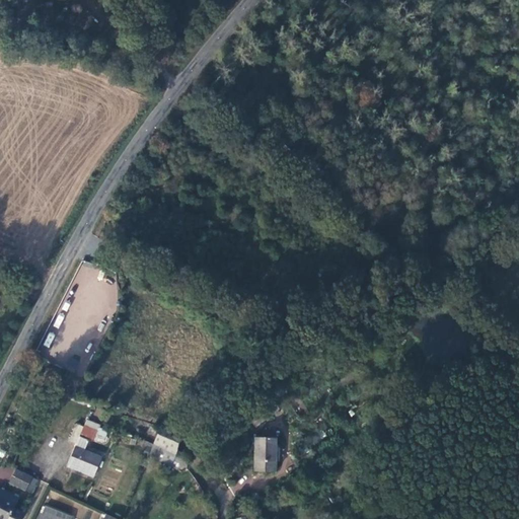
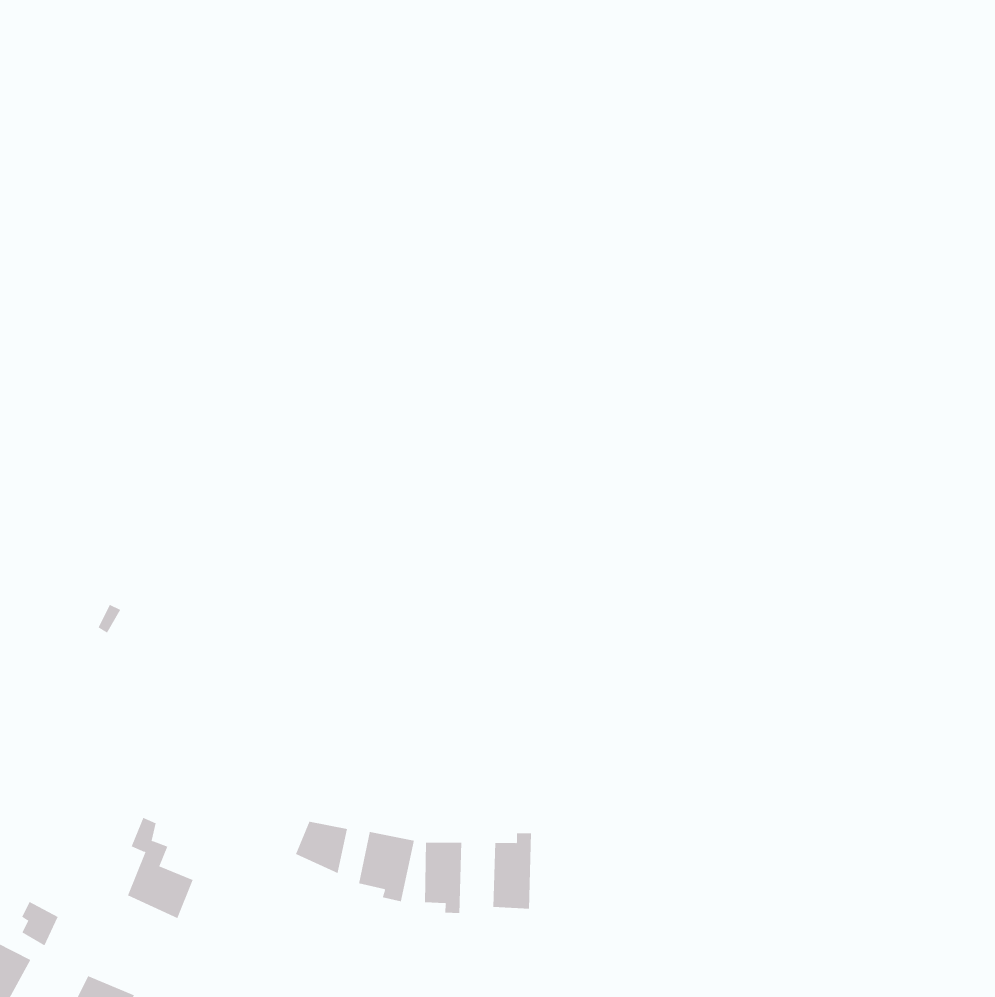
building: none -> [359,831,415,902]
building: none -> [424,842,462,914]

